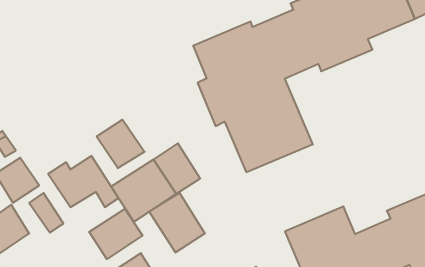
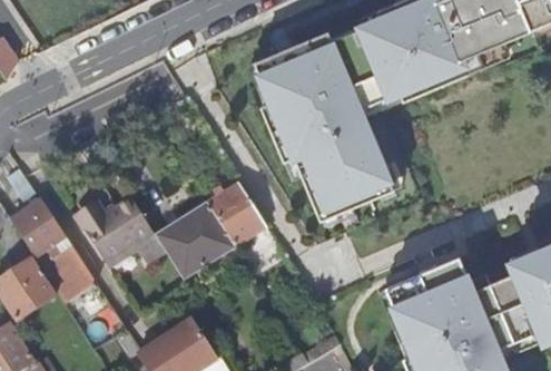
building: [97,120,145,168] -> none
building: [149,193,205,253] -> none
building: [89,209,143,259] -> none

